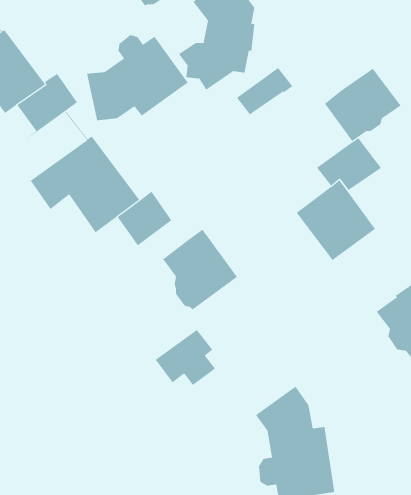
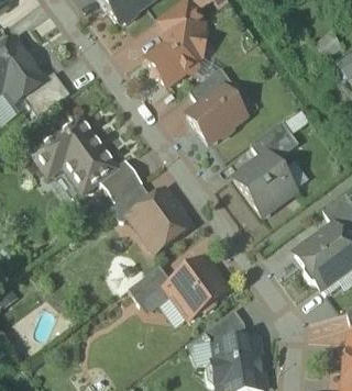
building: [86,34,189,121] -> none
building: [324,68,401,142] -> [187,86,245,142]
building: none -> [110,182,152,220]
building: none -> [166,257,227,317]

